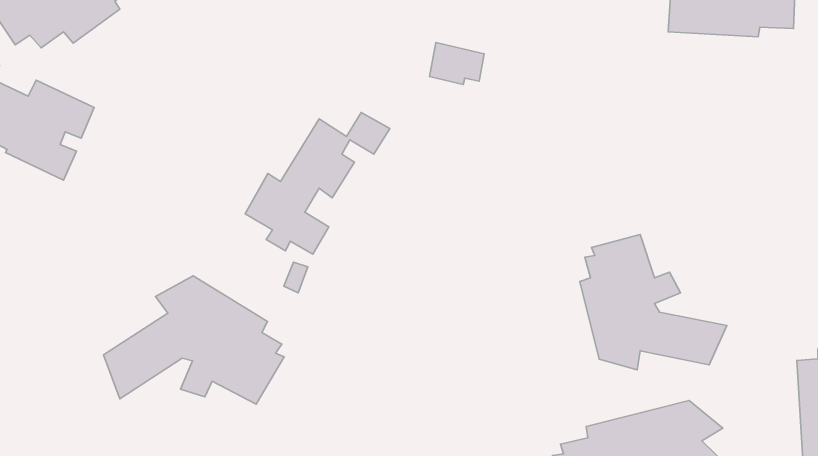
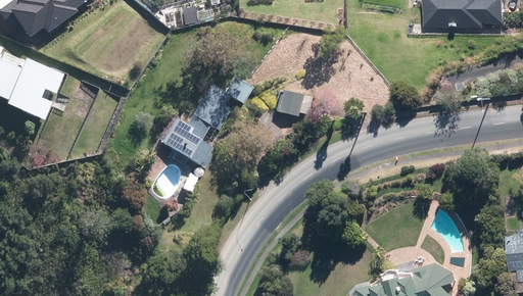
building: [429,43,484,85] -> [276,90,311,116]
building: [580,234,727,370] -> none
building: [103,276,284,404] -> none

